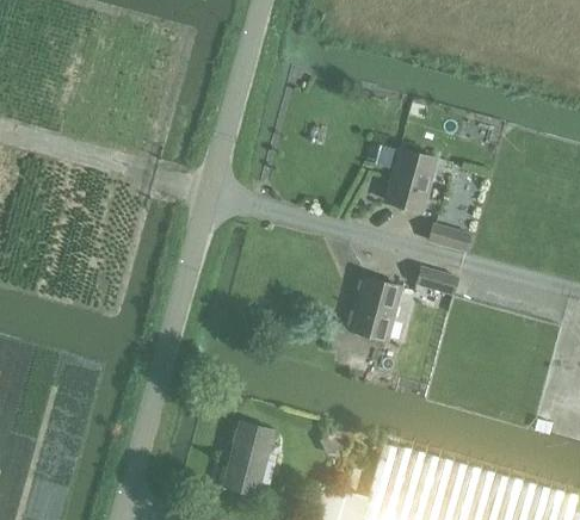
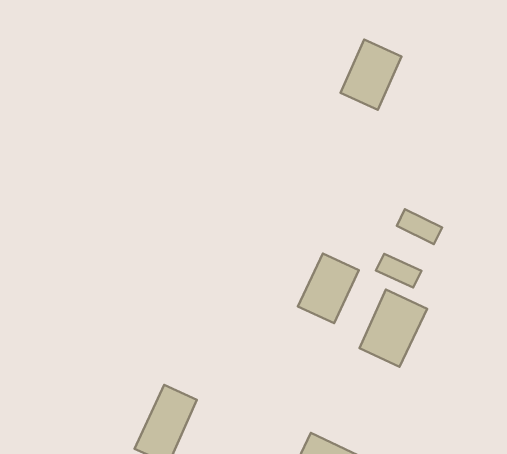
building: [385,148,436,210] -> [340,39,401,110]
building: none -> [359,289,427,367]

